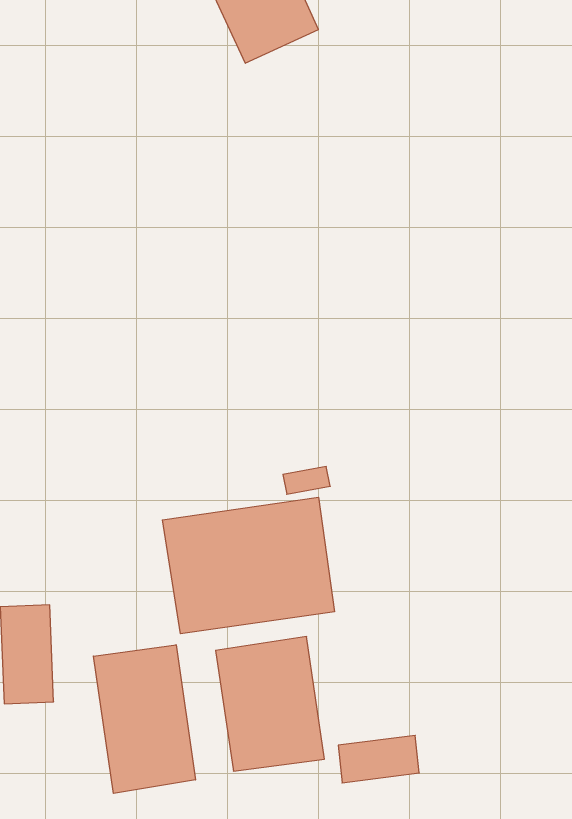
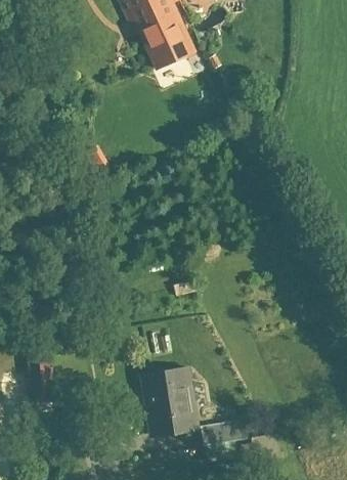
building: [162,497,334,634] -> none
building: [93,645,195,793] -> none

